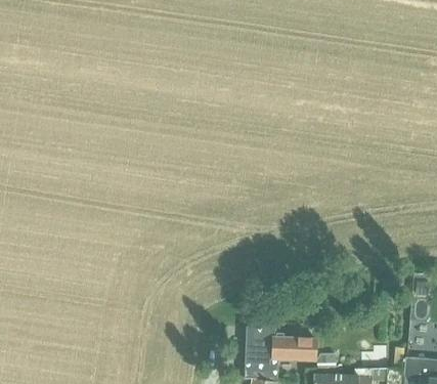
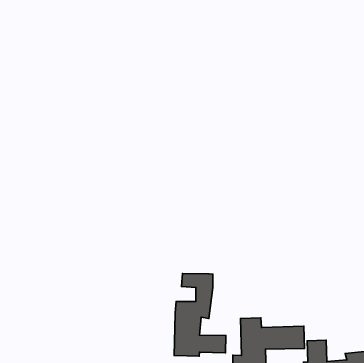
building: none -> [174,273,226,356]

